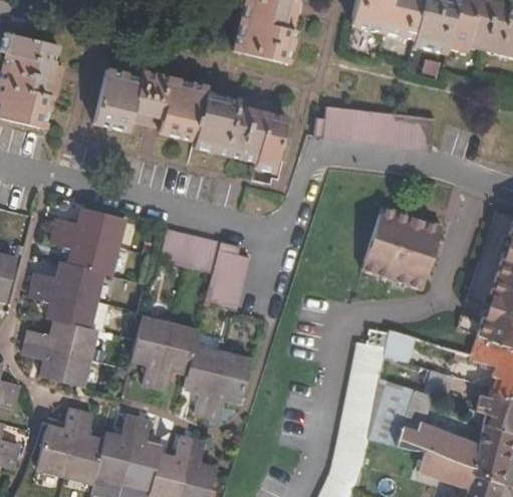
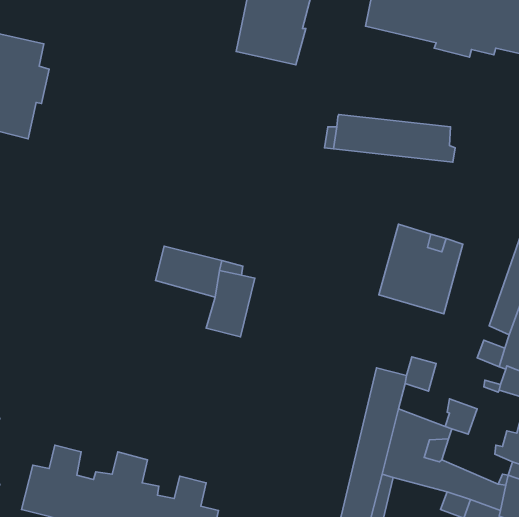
building: [93,69,289,174] -> none
building: [25,209,123,386] -> none
building: [132,317,250,417] -> none

